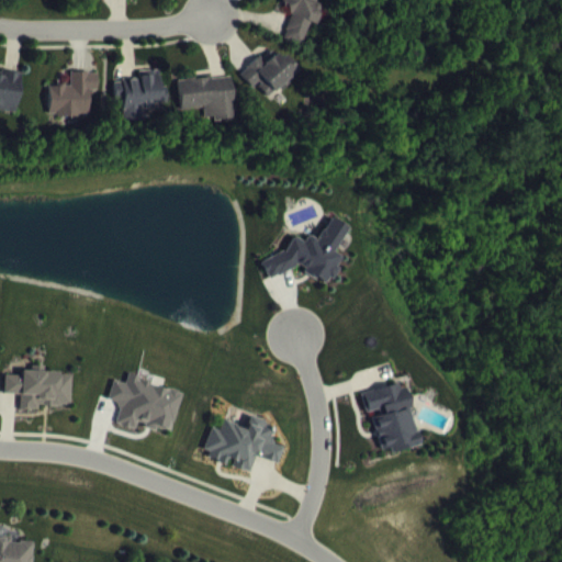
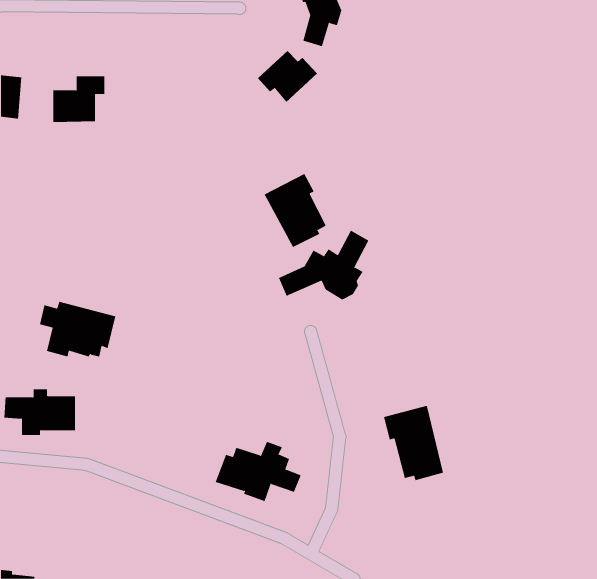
building: [115,69,168,120] -> none
building: [179,75,235,120] -> none
building: none -> [264,173,327,248]
building: [109,376,181,429] -> [39,301,116,357]

